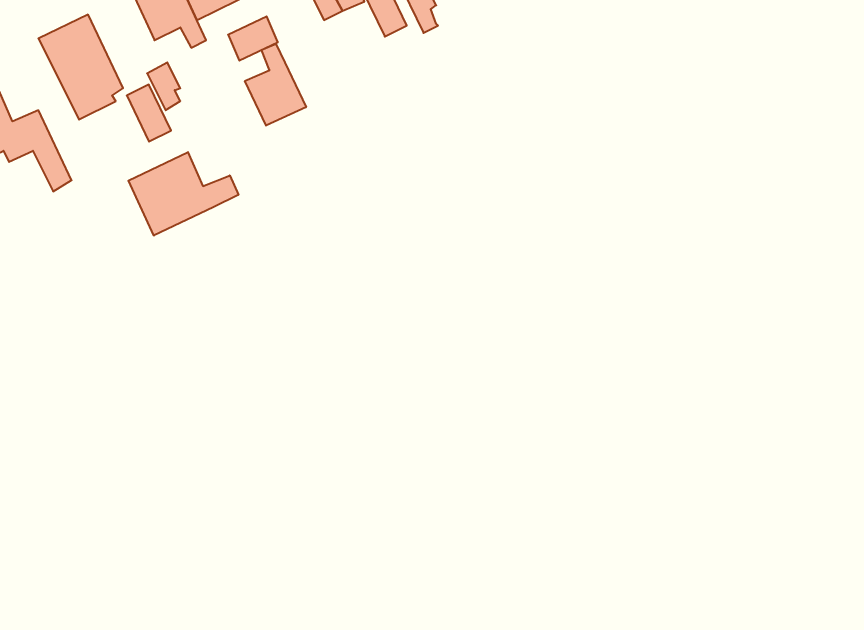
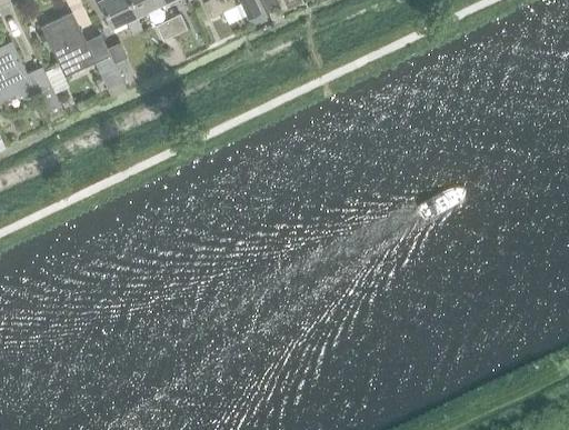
building: [245,44,306,126] -> none
building: [128,152,238,236] -> none

